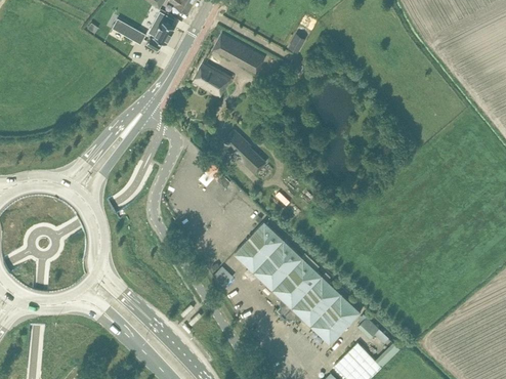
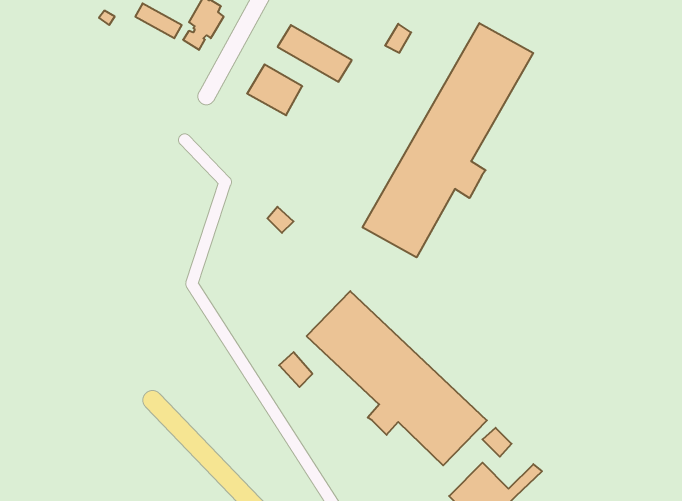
building: none -> [363,23,533,257]
building: [221,132,266,176] -> none

